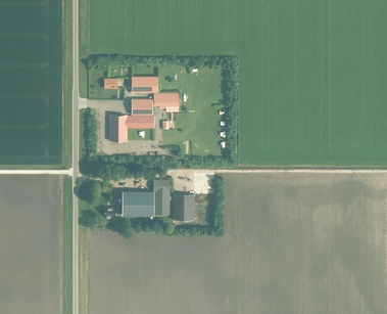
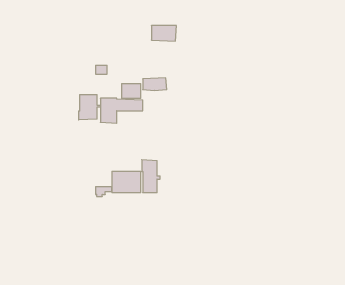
building: [131,76,157,92] -> [151,26,176,41]
building: none -> [79,95,100,120]
building: [173,193,193,220] -> none

